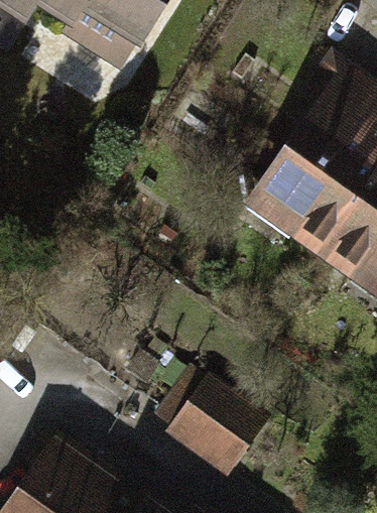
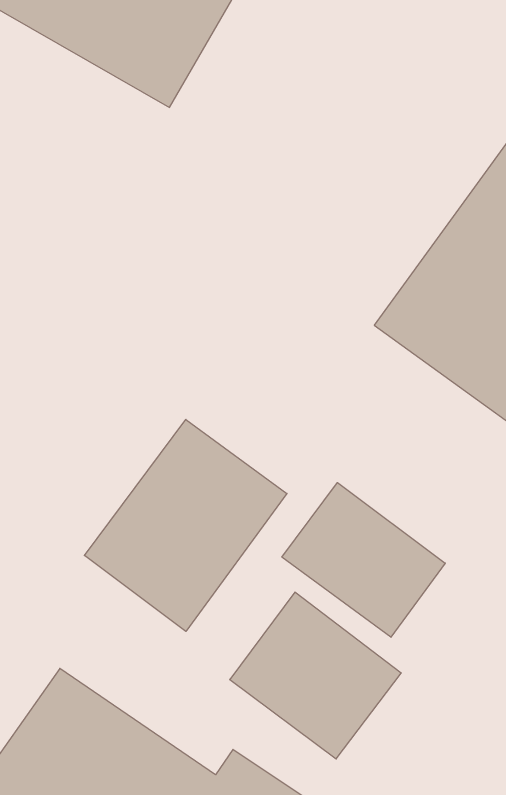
building: none -> [84,419,287,631]
building: none -> [282,483,445,637]

